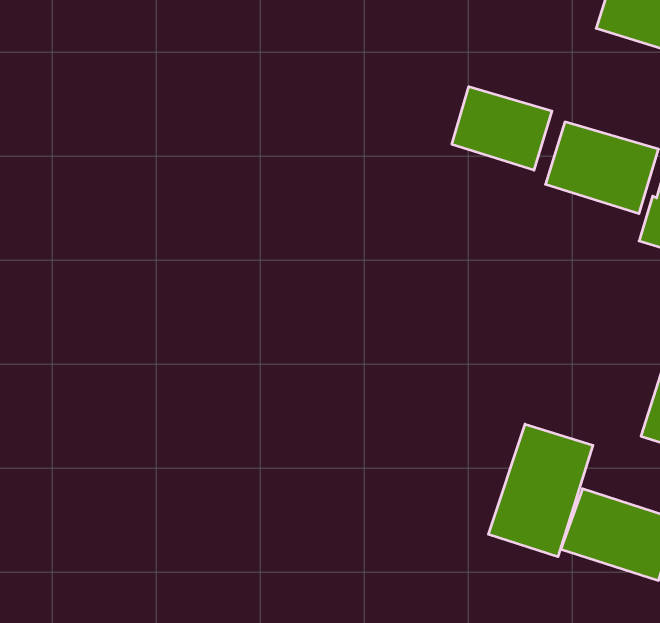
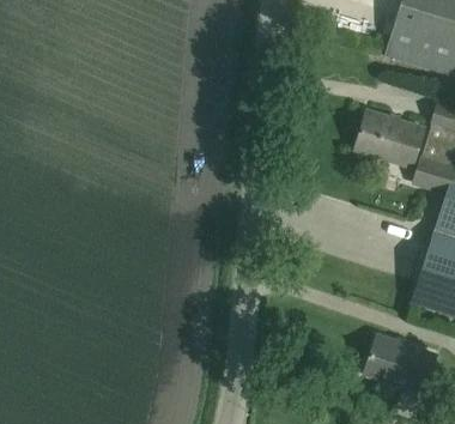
building: [452,87,552,170] -> none
building: [488,424,593,557] -> none

